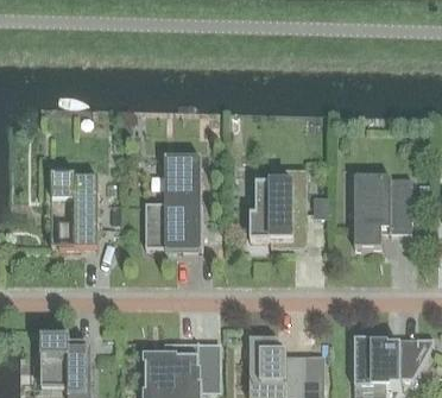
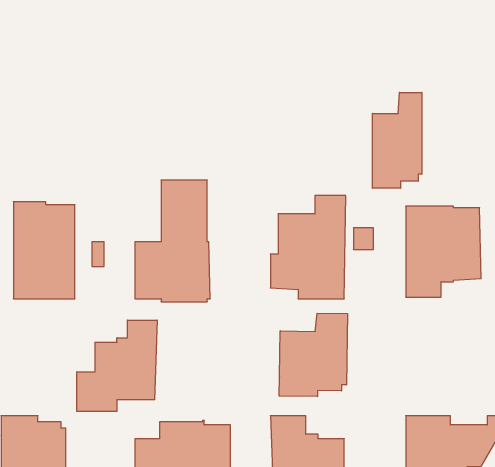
building: none -> [372,92,422,188]
building: none -> [279,313,347,397]
building: none -> [77,320,157,411]

